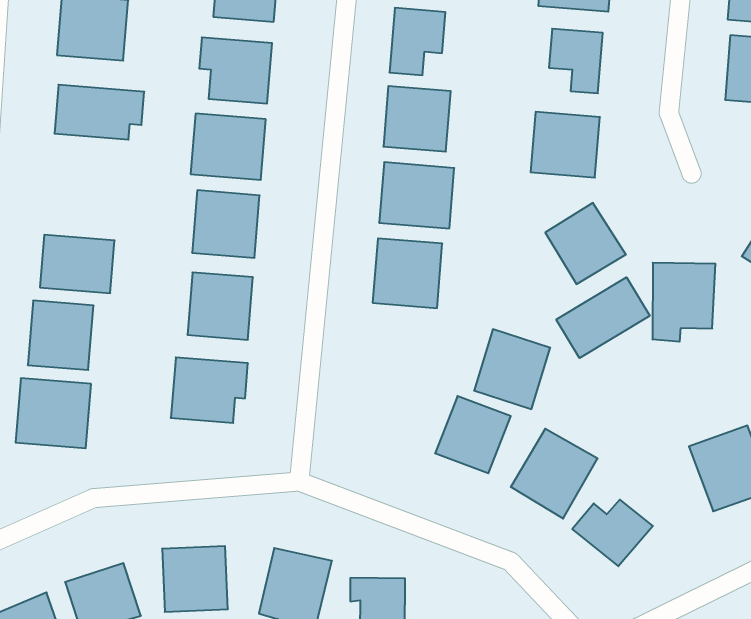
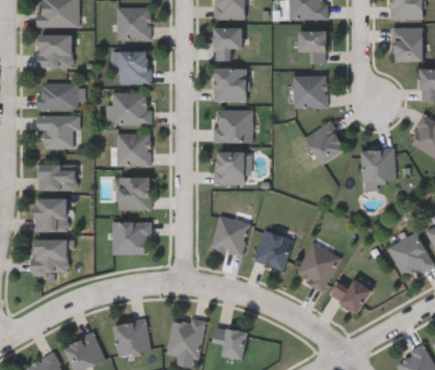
building: none -> [37,114,79,148]
building: [556,277,650,358] -> none
building: [474,329,550,409] -> [212,216,250,256]

